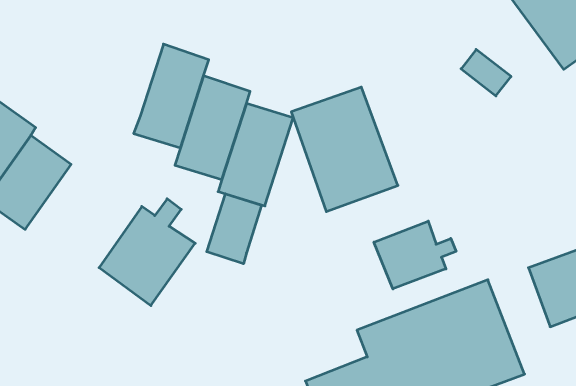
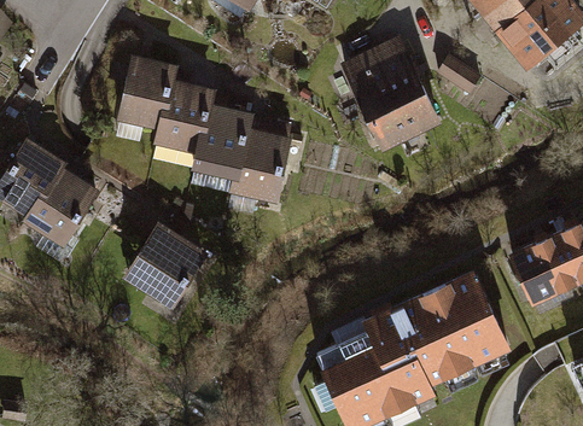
building: none -> [113,52,175,142]
building: [291,87,398,212] -> [346,36,445,148]
building: [207,194,261,264] -> none
building: [374,221,456,289] -> none

